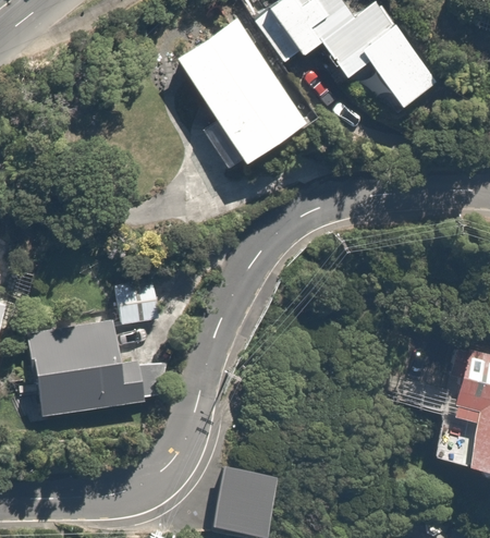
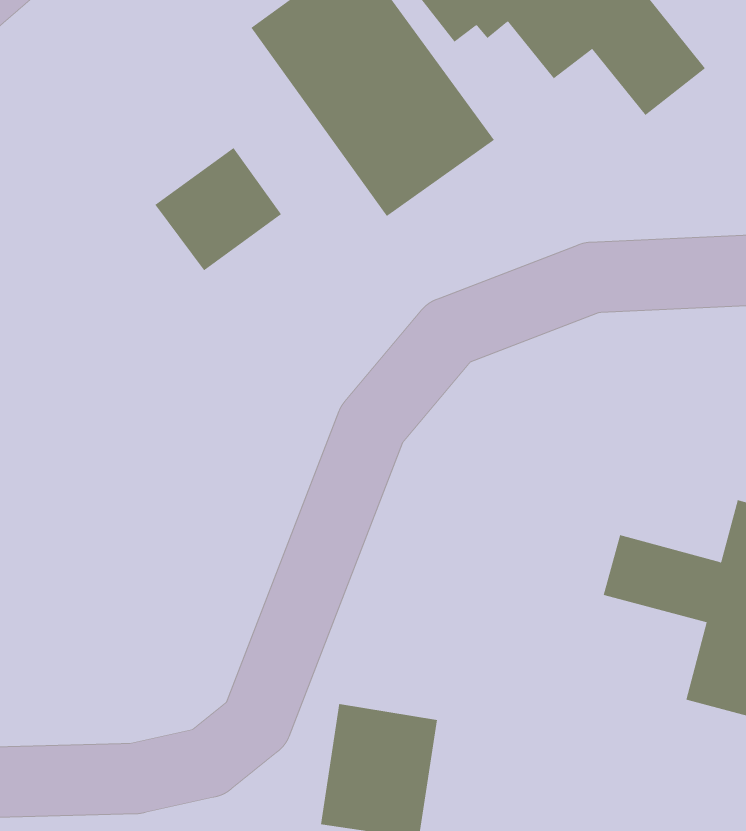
building: none -> [154,147,282,271]
building: [29,295,167,423] -> none

